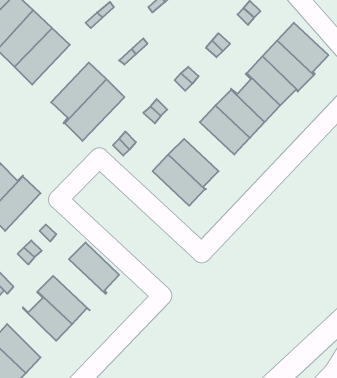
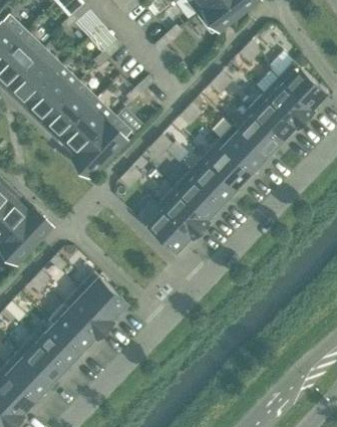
building: none -> [43,83,97,139]
building: none -> [189,158,237,205]
building: none -> [148,205,194,252]
building: none -> [63,289,113,339]
building: none -> [19,337,66,384]

